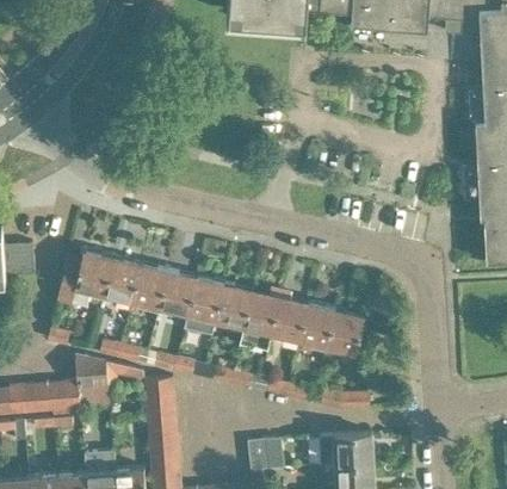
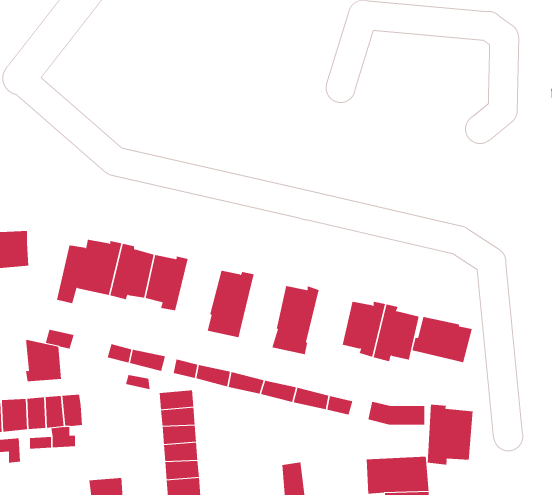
building: [159,268,197,316] -> none
building: [215,281,252,329] -> none
building: [270,295,308,342] -> none
building: none -> [412,316,472,363]
building: [78,357,109,392] -> [25,340,62,382]
building: none -> [427,404,473,466]

